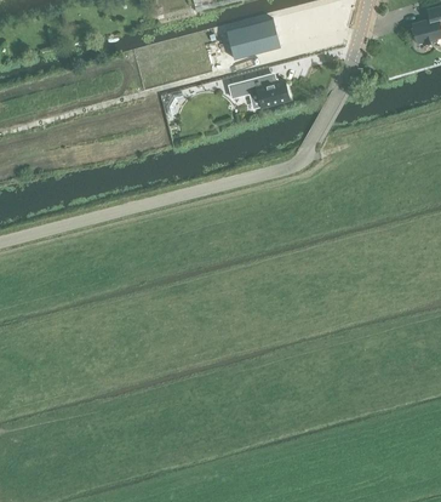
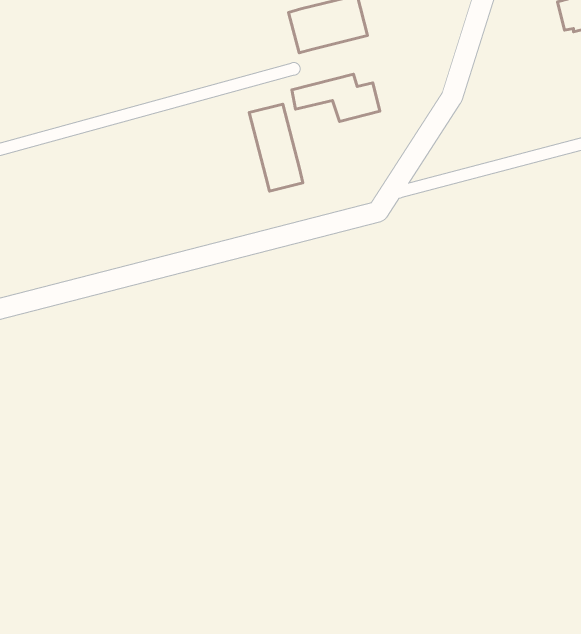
building: none -> [249,104,303,191]

